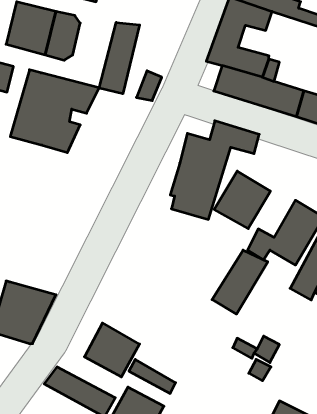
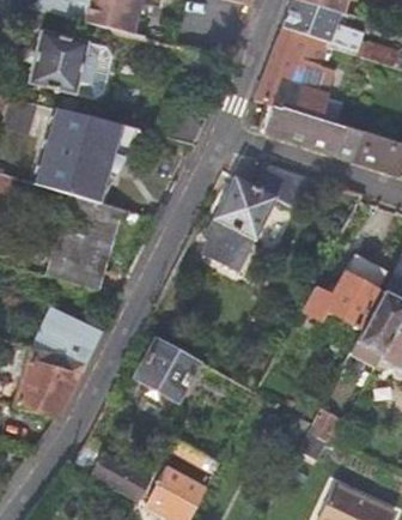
building: [99,22,140,94] -> none
building: none -> [47,193,120,289]
building: [214,171,270,229] -> none
building: none -> [32,306,102,362]
building: [212,250,268,314] -> none
building: [84,323,140,377] -> [136,337,199,398]

